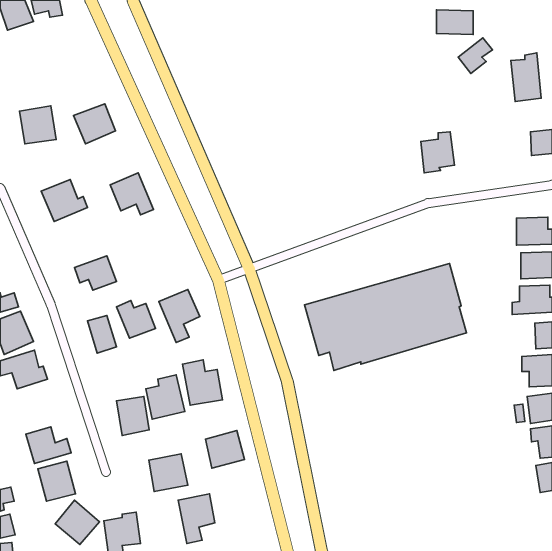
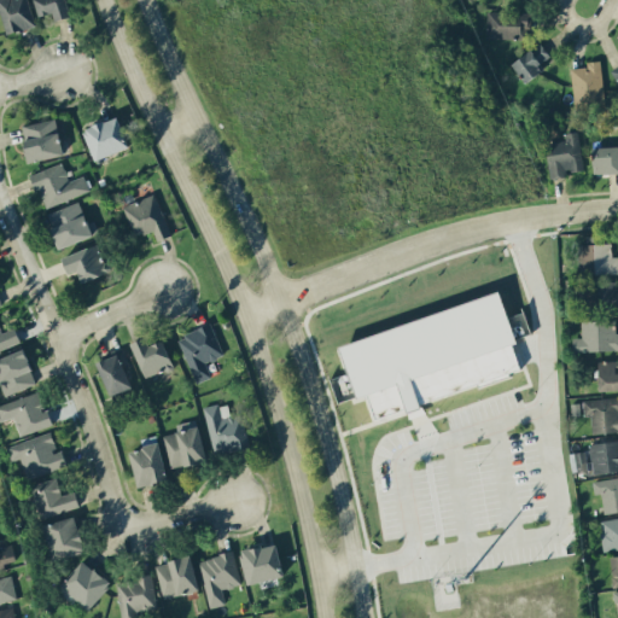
building: [421,132,454,173] -> [546,133,583,179]
building: none -> [31,163,91,209]
building: [74,256,116,290] -> [62,244,109,282]
building: none -> [6,432,66,479]
building: [205,430,244,468] -> [240,543,284,585]
building: [149,454,188,492] -> [156,556,199,599]

